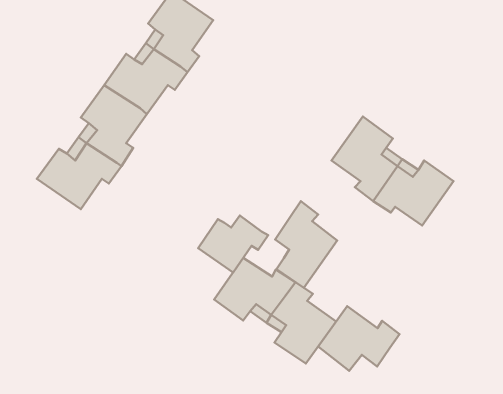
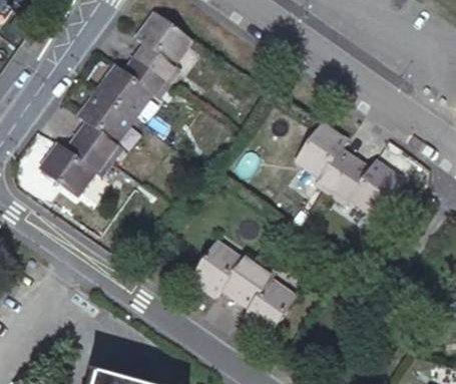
building: [275,201,337,288] -> none
building: [198,215,268,272] -> none
building: [318,306,400,371] -> none

